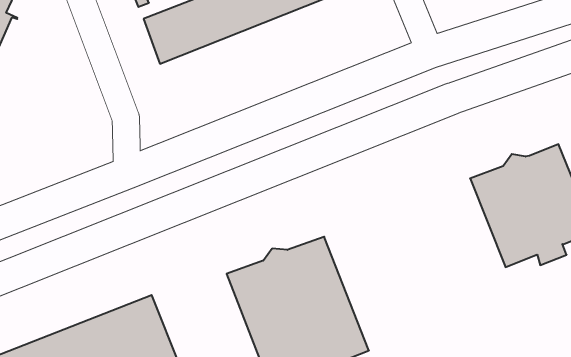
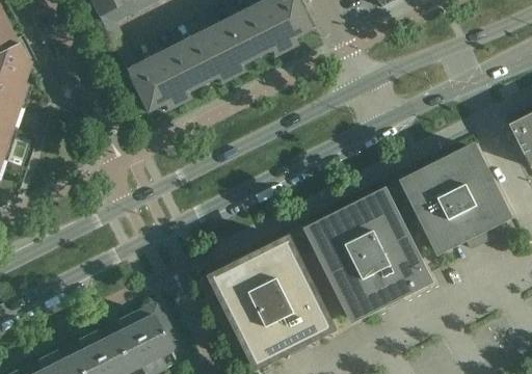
building: none -> [311,191,432,319]

